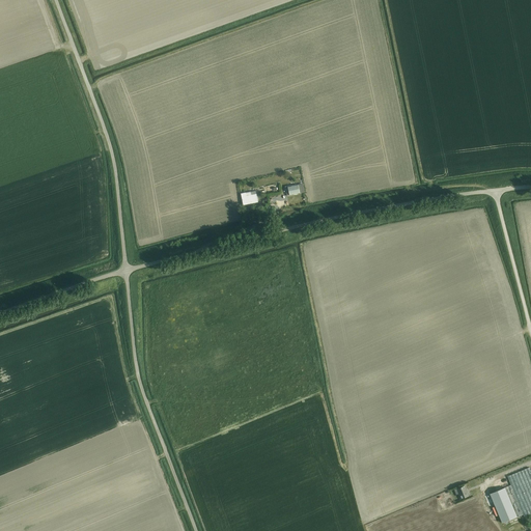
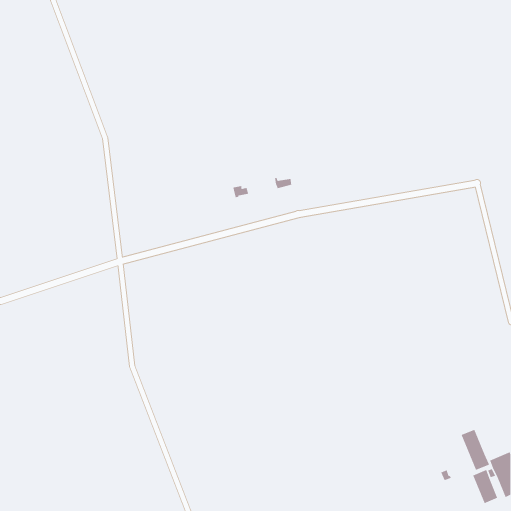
building: none -> [460,429,490,471]

